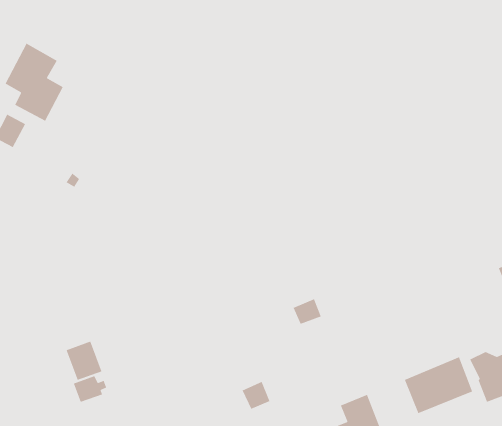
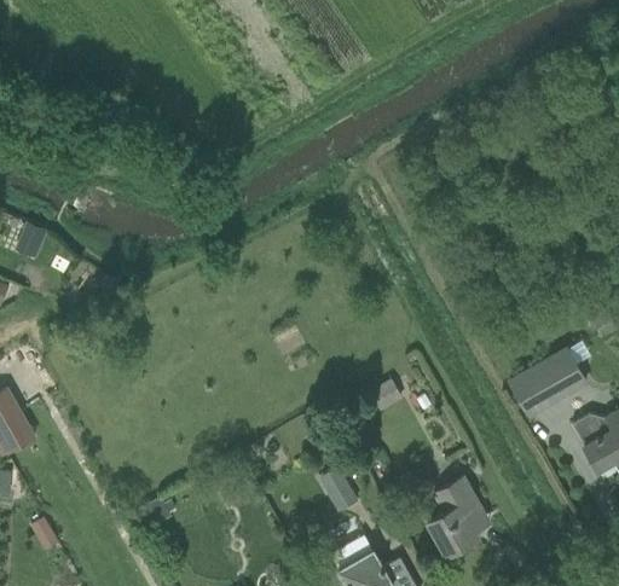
building: [4,43,64,122] -> none
building: [66,341,102,381] -> none
building: [404,356,473,414] -> [508,347,586,417]

